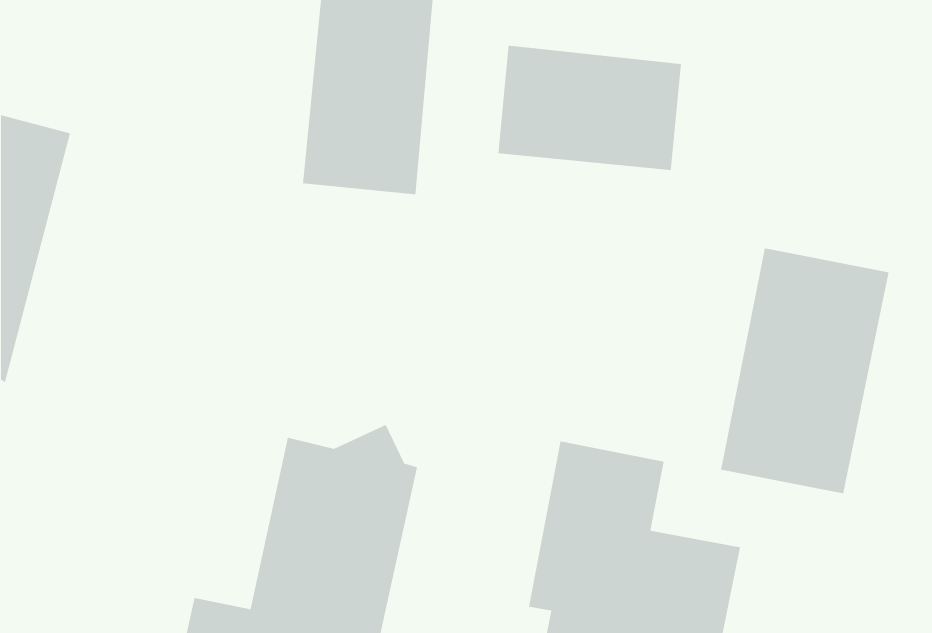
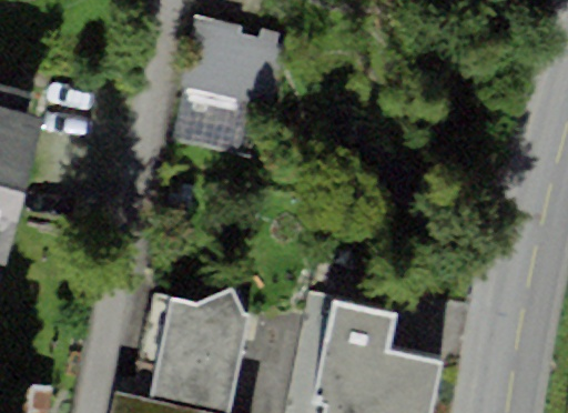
building: [498,45,681,171] -> none
building: [721,248,889,494] -> none

